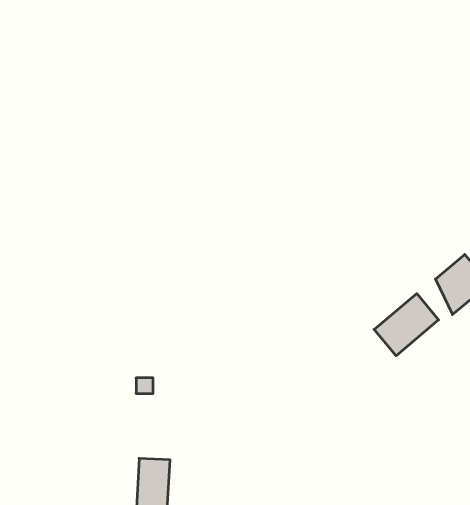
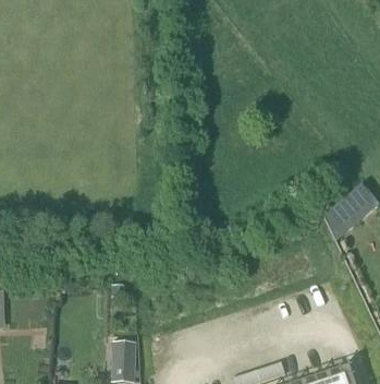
building: [374,294,439,356] -> none

